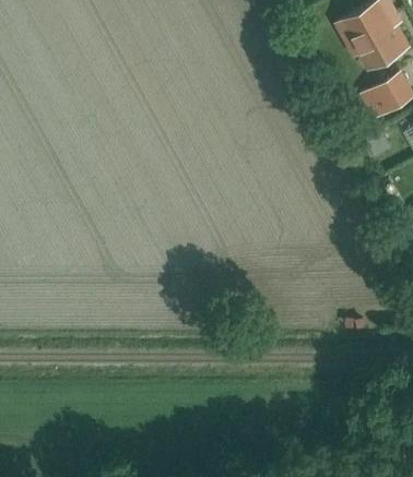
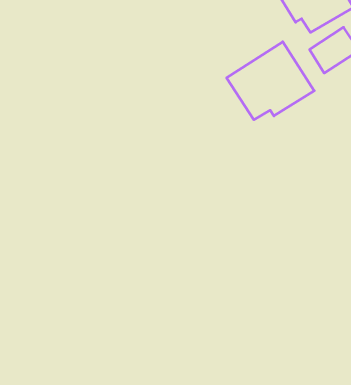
building: none -> [227,42,314,120]

